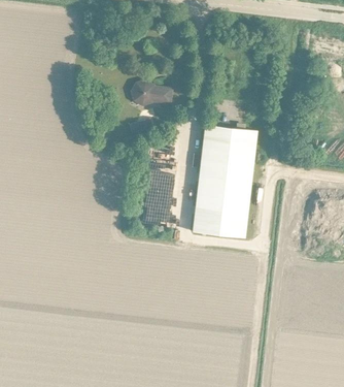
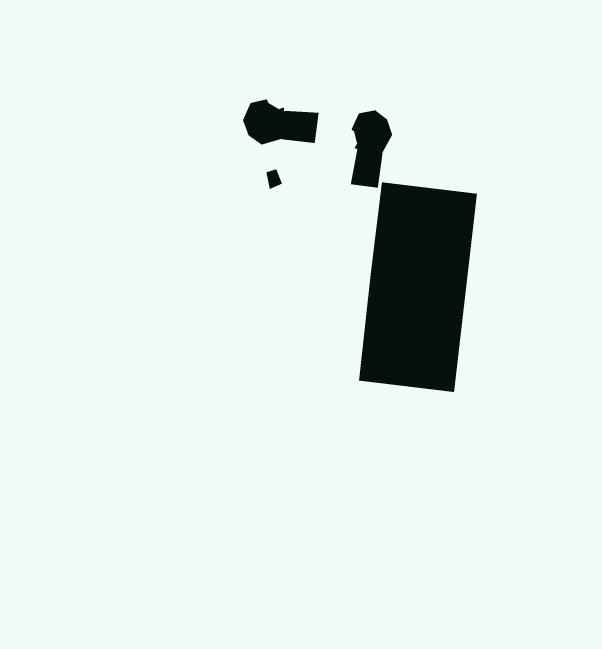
building: none -> [350,109,393,188]

